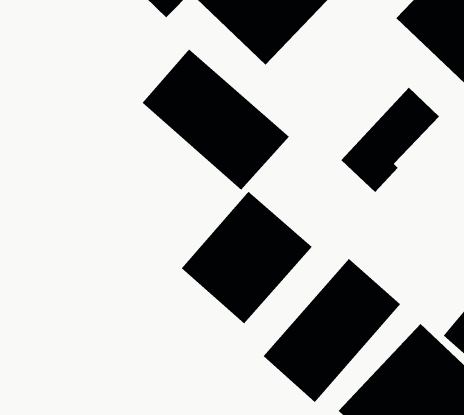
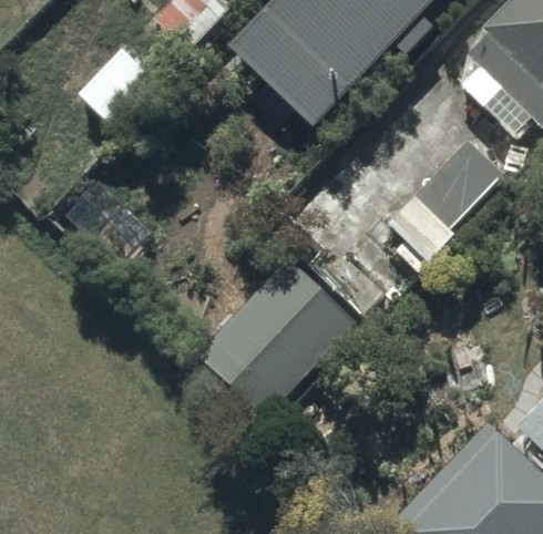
building: [142,49,290,190] -> none
building: [263,258,401,403] -> none

